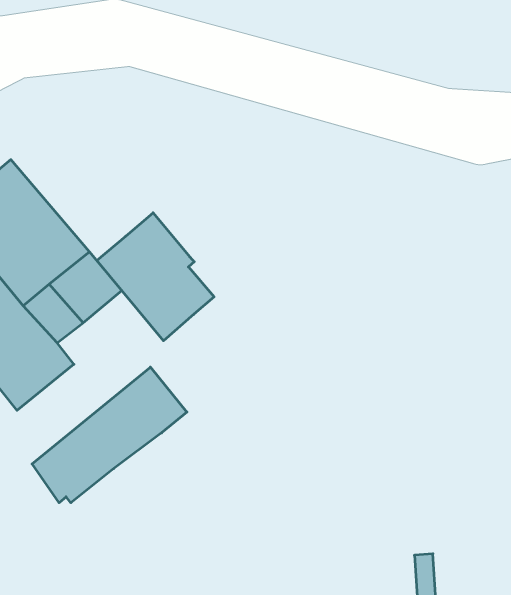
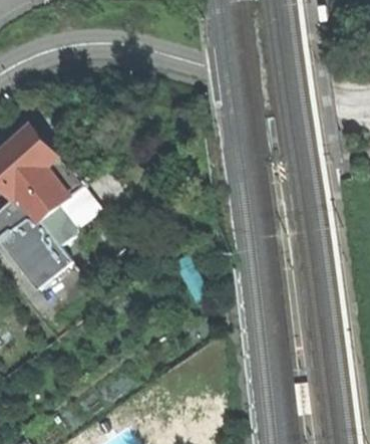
building: [97,213,214,341] -> none
building: [32,367,187,503] -> none

